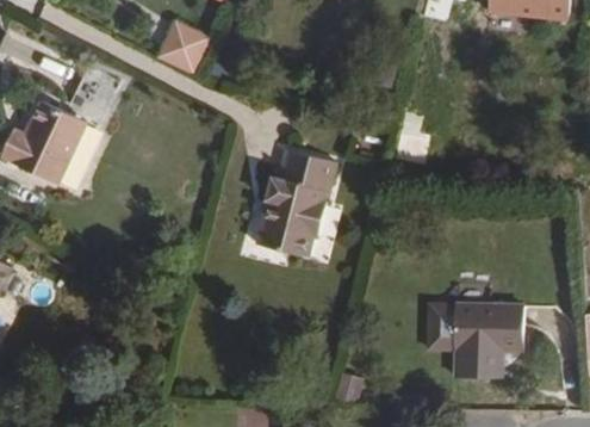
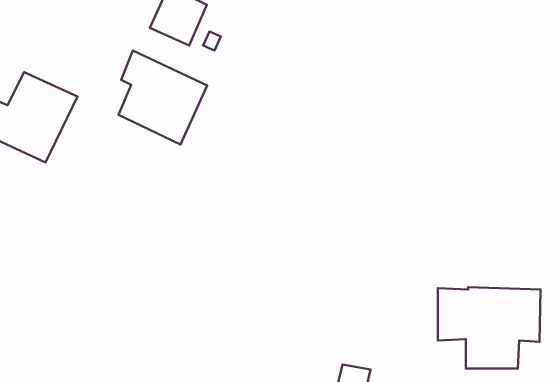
building: none -> [118,50,207,144]
building: [254,146,337,258] -> none

